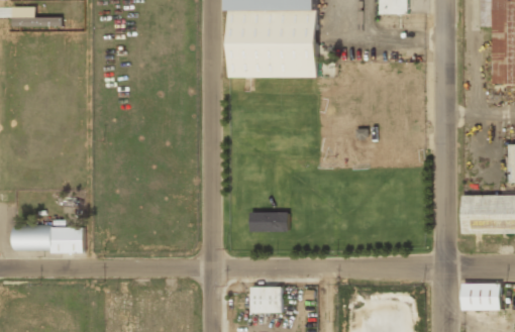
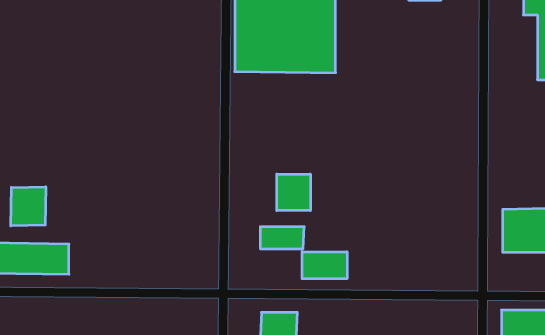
building: none -> [277,174,310,211]
building: none -> [11,187,46,226]
building: none -> [302,252,347,279]

